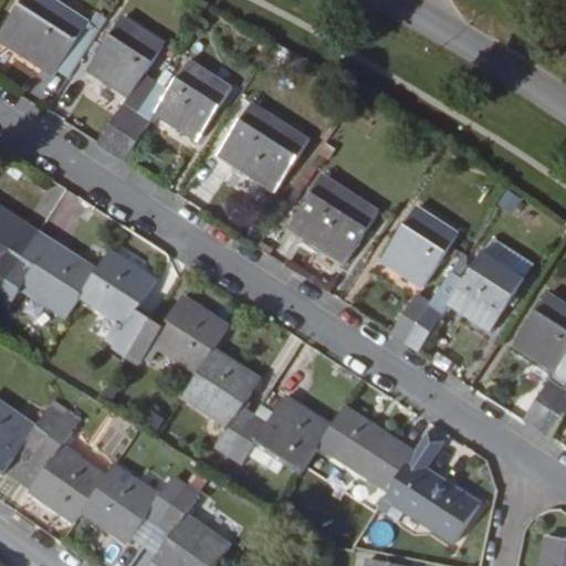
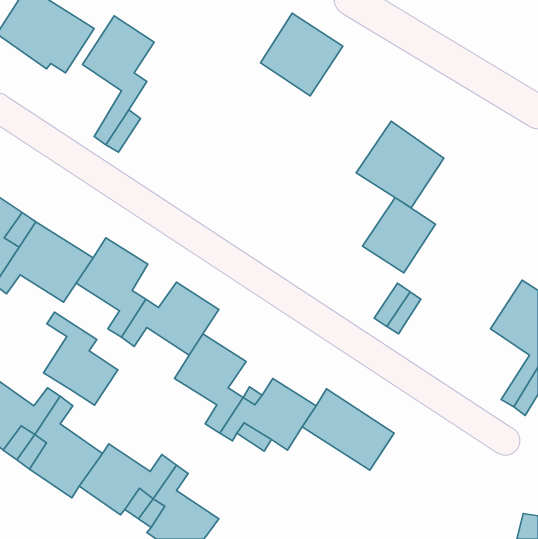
building: [153,60,227,138] -> none
building: [219,103,305,189] -> [261,13,343,96]
building: [284,171,376,262] -> [356,121,444,208]
building: [447,251,522,328] -> none
building: none -> [43,312,118,405]
building: [384,429,476,543] -> none

